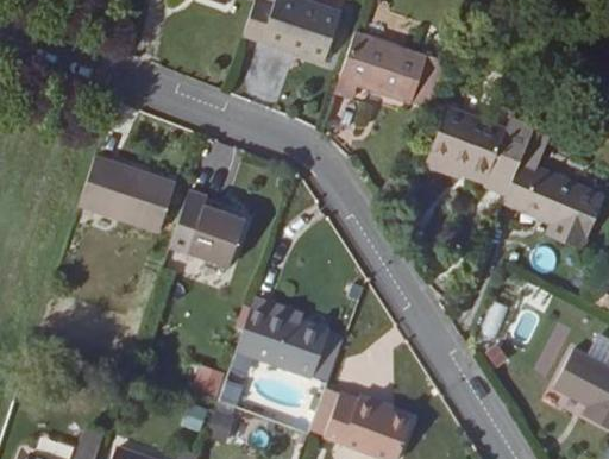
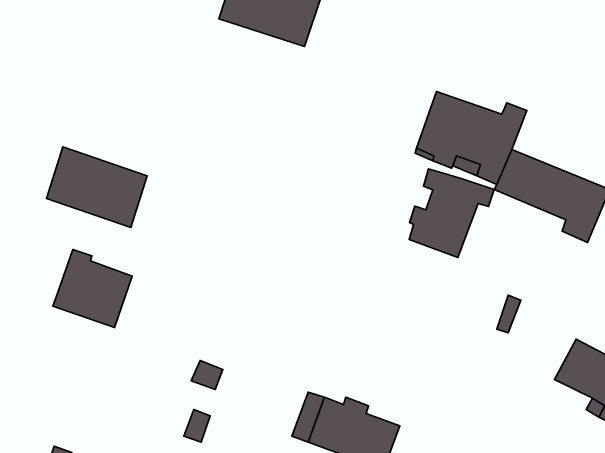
building: [331,29,422,101] -> none
building: none -> [409,169,494,257]
building: [165,193,240,266] -> [53,250,132,328]
building: [231,303,325,377] -> none

